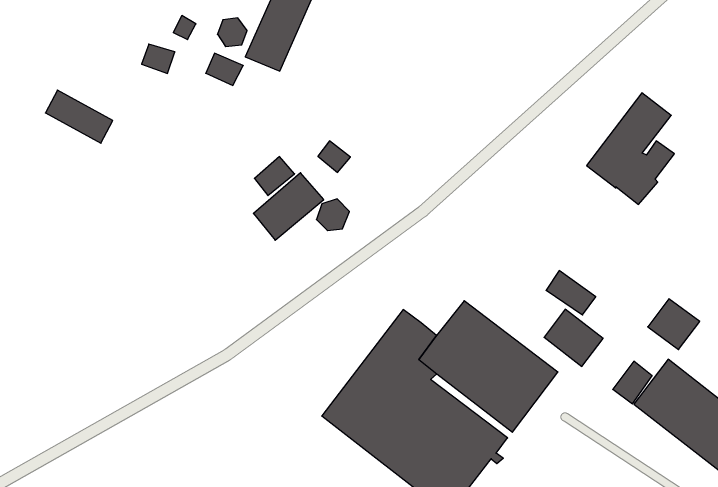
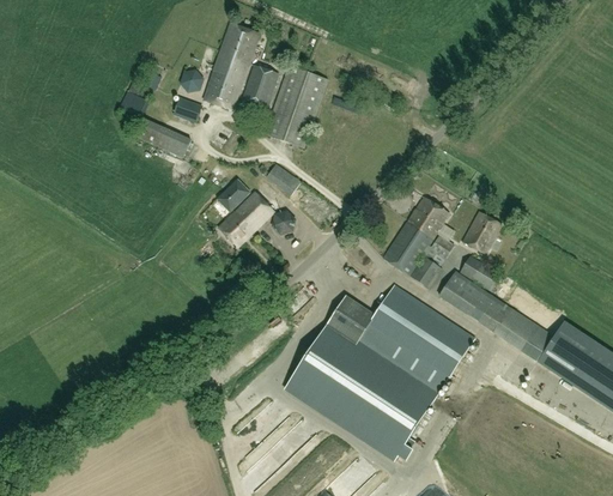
building: none -> [242,65,278,105]
building: none -> [263,65,326,146]
building: [45,90,113,143] -> [135,116,190,157]
building: [587,93,674,204] -> [383,195,454,286]
building: none -> [462,212,500,253]
building: none -> [439,271,477,310]
building: [648,299,700,350] -> [493,308,535,349]

